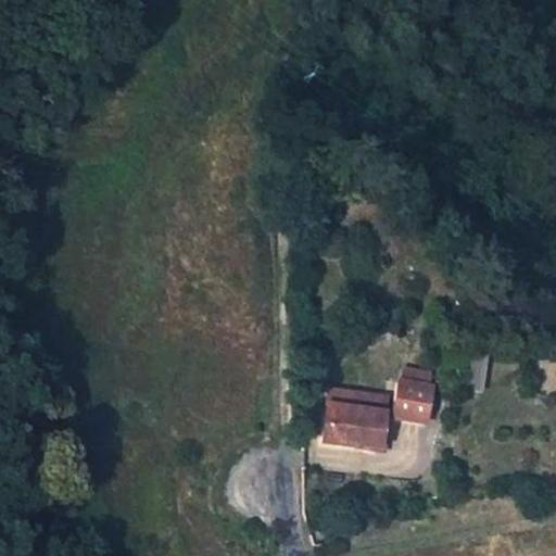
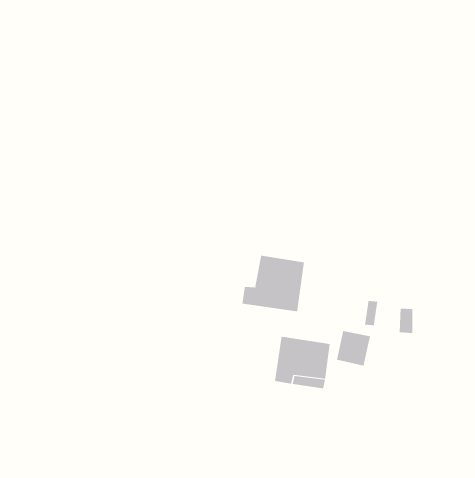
building: none -> [242,255,304,312]

